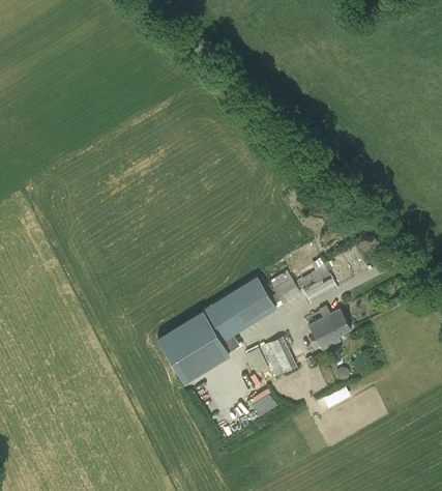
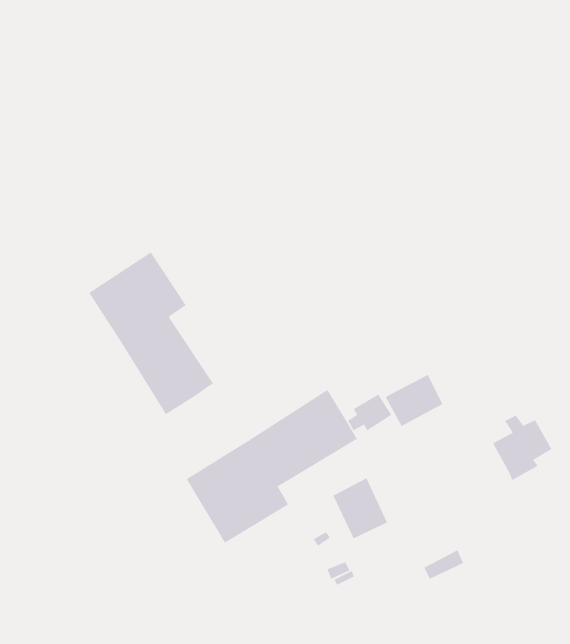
building: none -> [88,252,214,415]
building: [310,307,351,352] -> [492,415,552,481]

